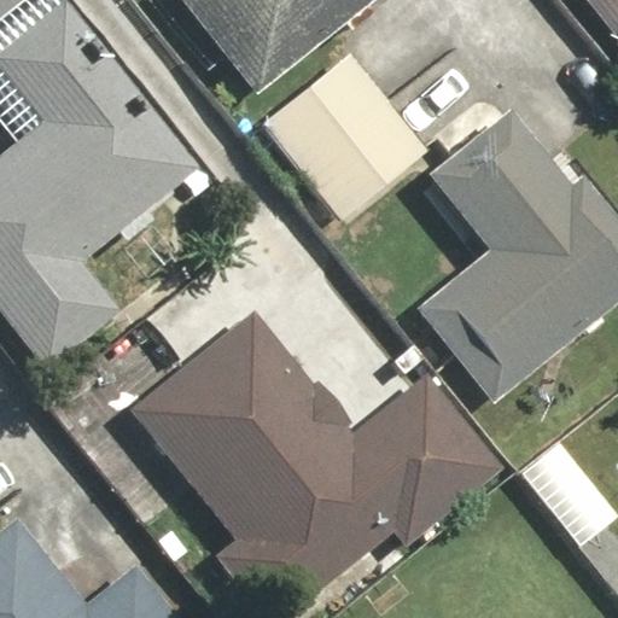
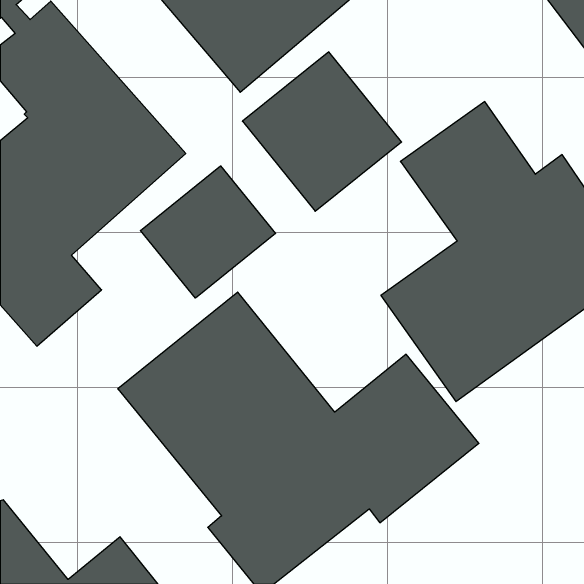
building: none -> [140,166,276,298]

